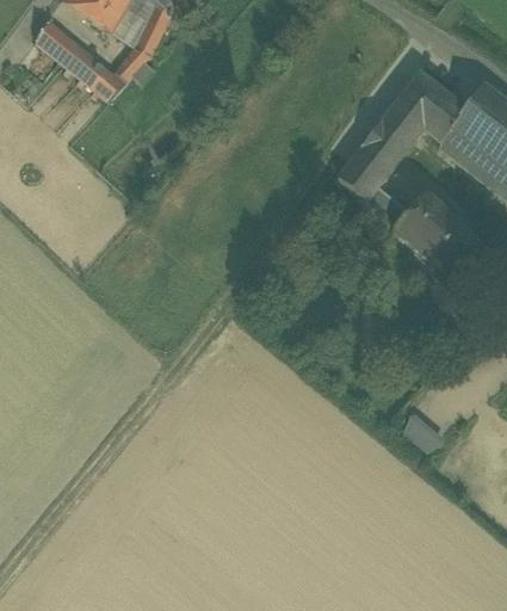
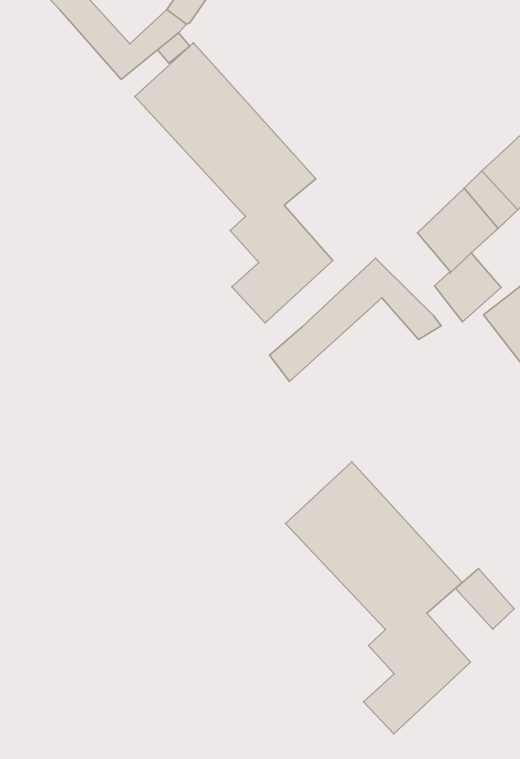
building: none -> [135,43,333,323]
building: none -> [270,258,441,382]
building: none -> [285,462,471,734]

